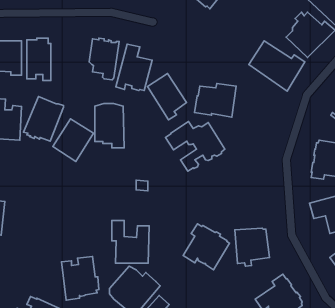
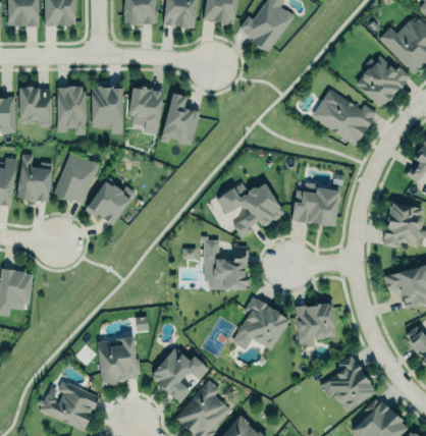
building: [147,74,187,120] -> none
building: [195,83,236,117] -> [290,186,338,225]
building: [95,103,124,148] -> [91,84,124,134]
building: [112,220,149,263] -> [204,240,247,289]

